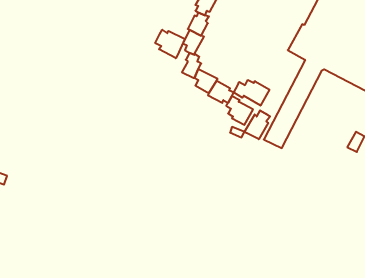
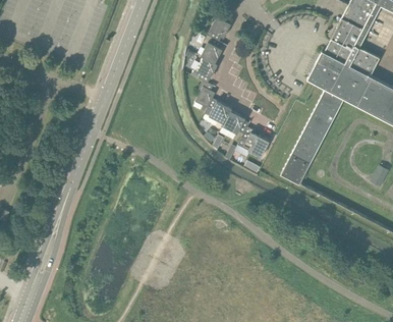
building: [155,30,185,58] -> none
building: [234,80,269,106] -> none
building: [244,110,270,139] -> none

